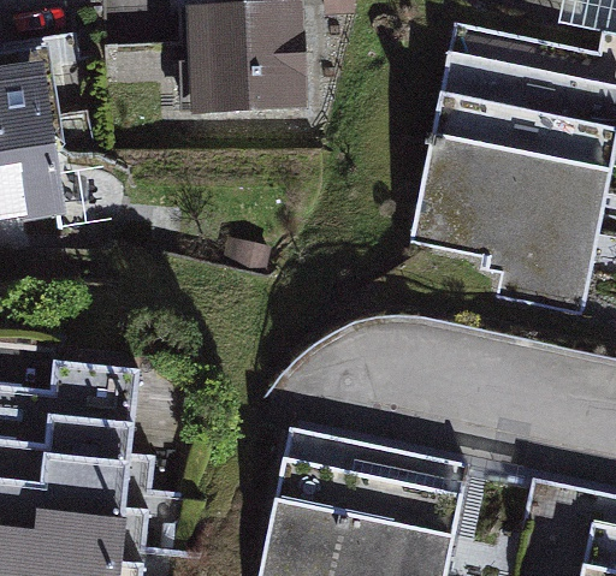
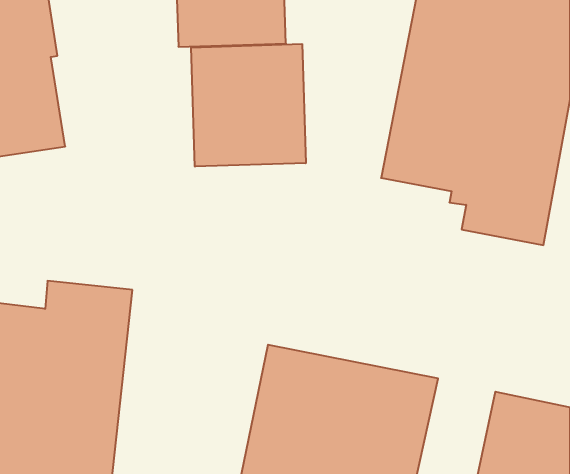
building: none -> [191,44,306,167]

